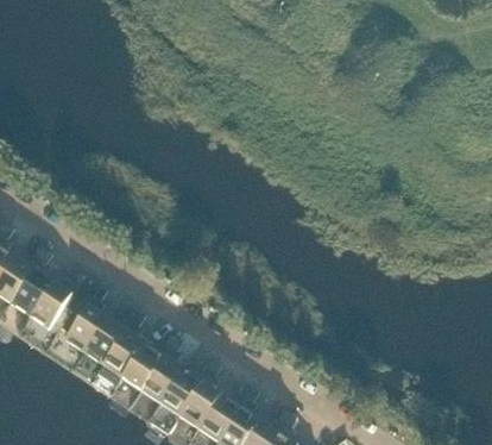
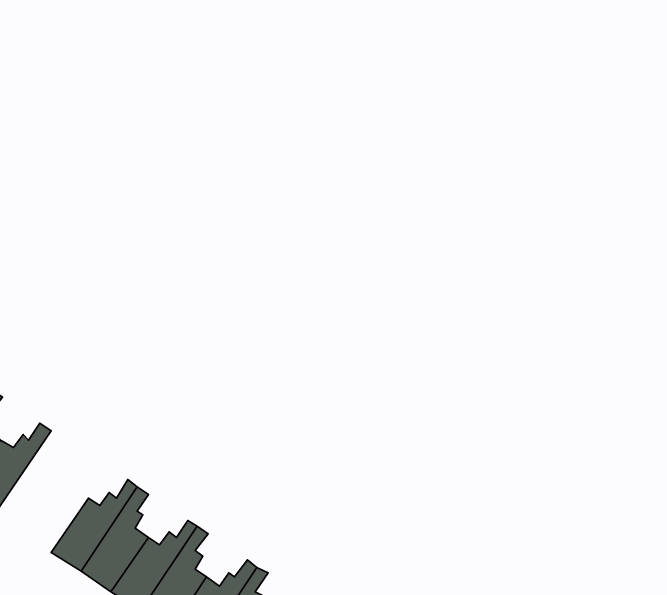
building: [58,307,106,375] -> none

